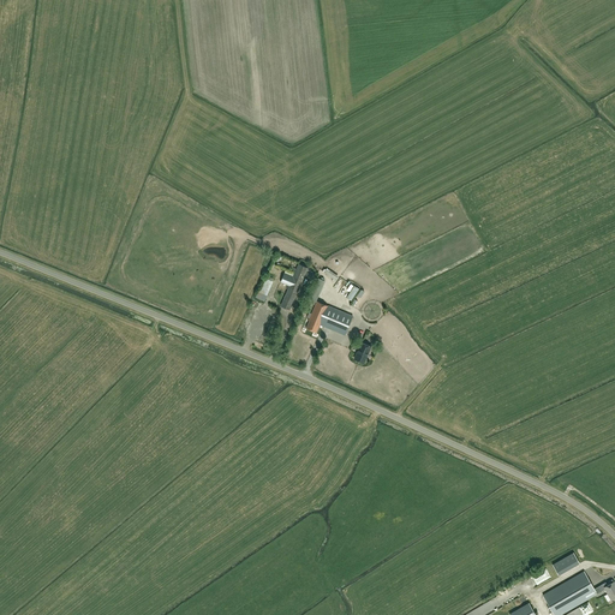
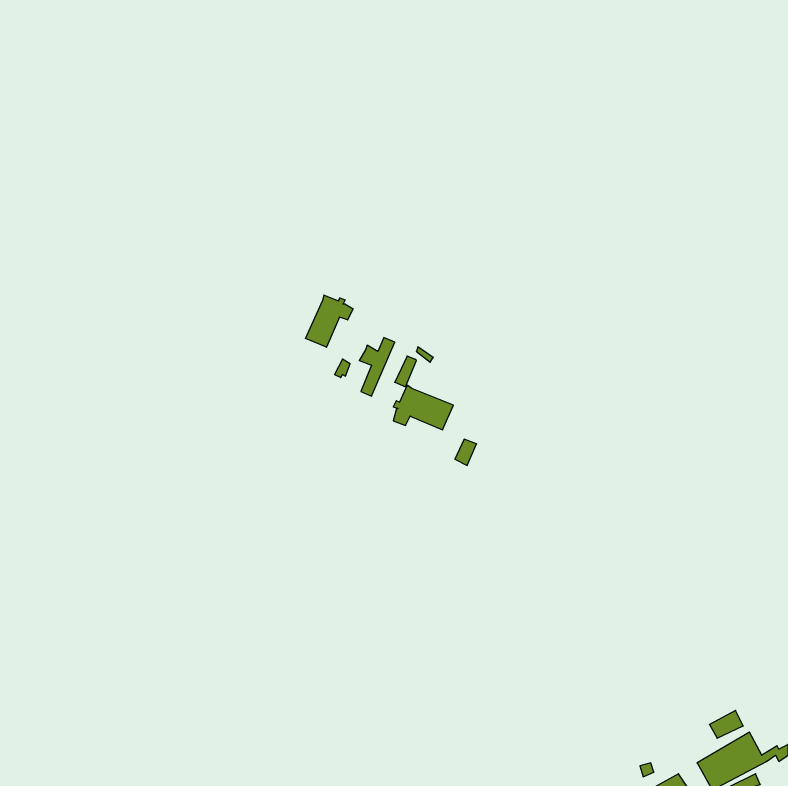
building: none -> [305,295,353,347]

